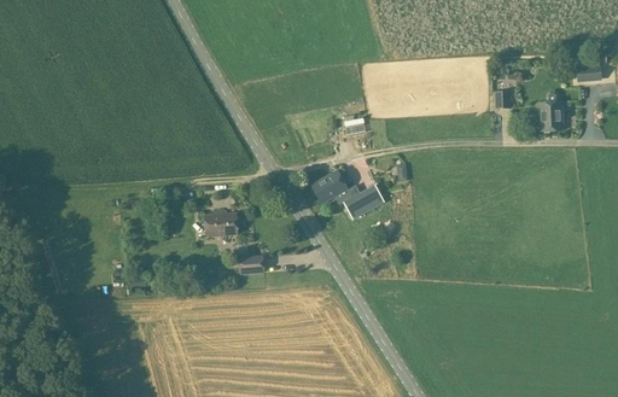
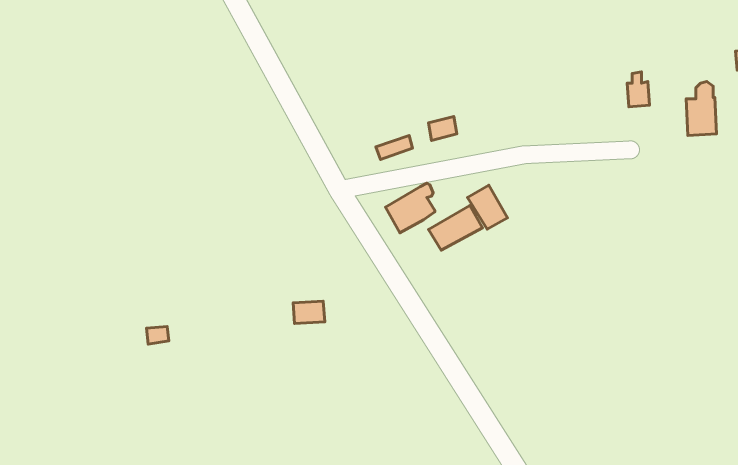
building: none -> [468,185,508,229]
building: [204,212,238,235] -> none

